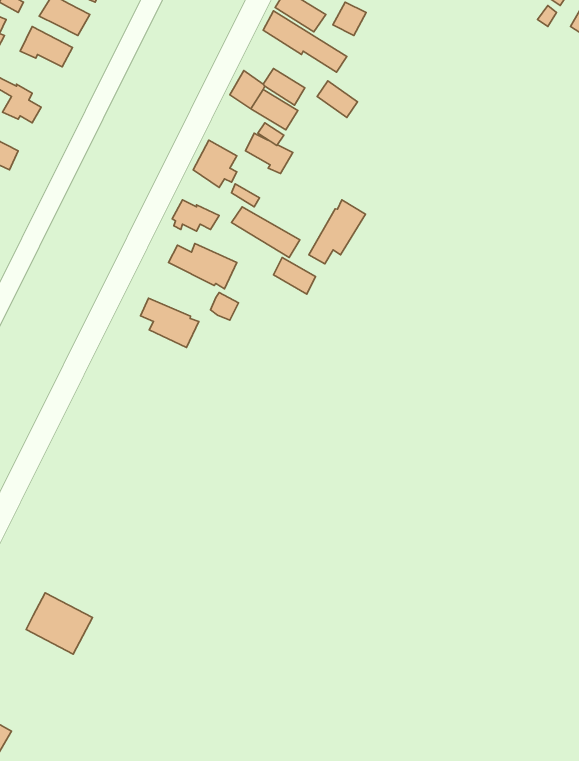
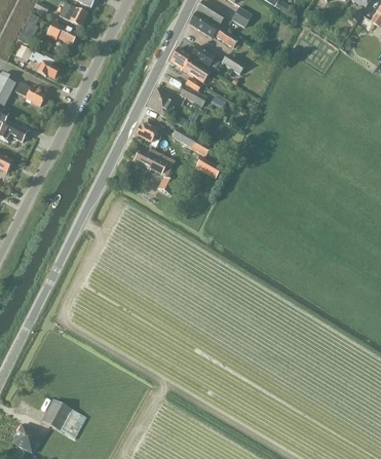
building: [309,200,366,264] -> none
building: [141,298,199,348] -> none
building: [26,593,92,654] -> [41,399,80,435]

